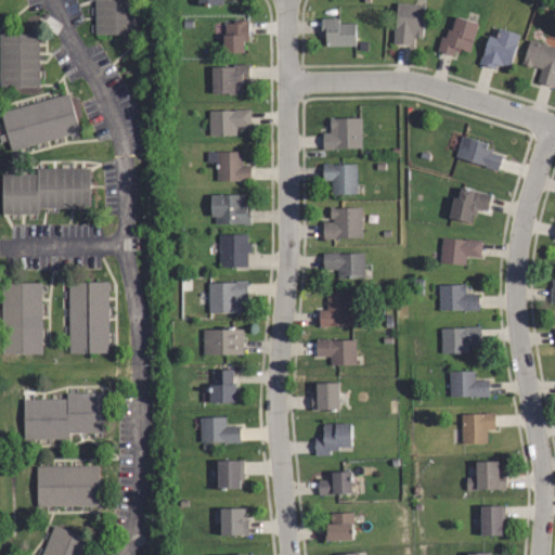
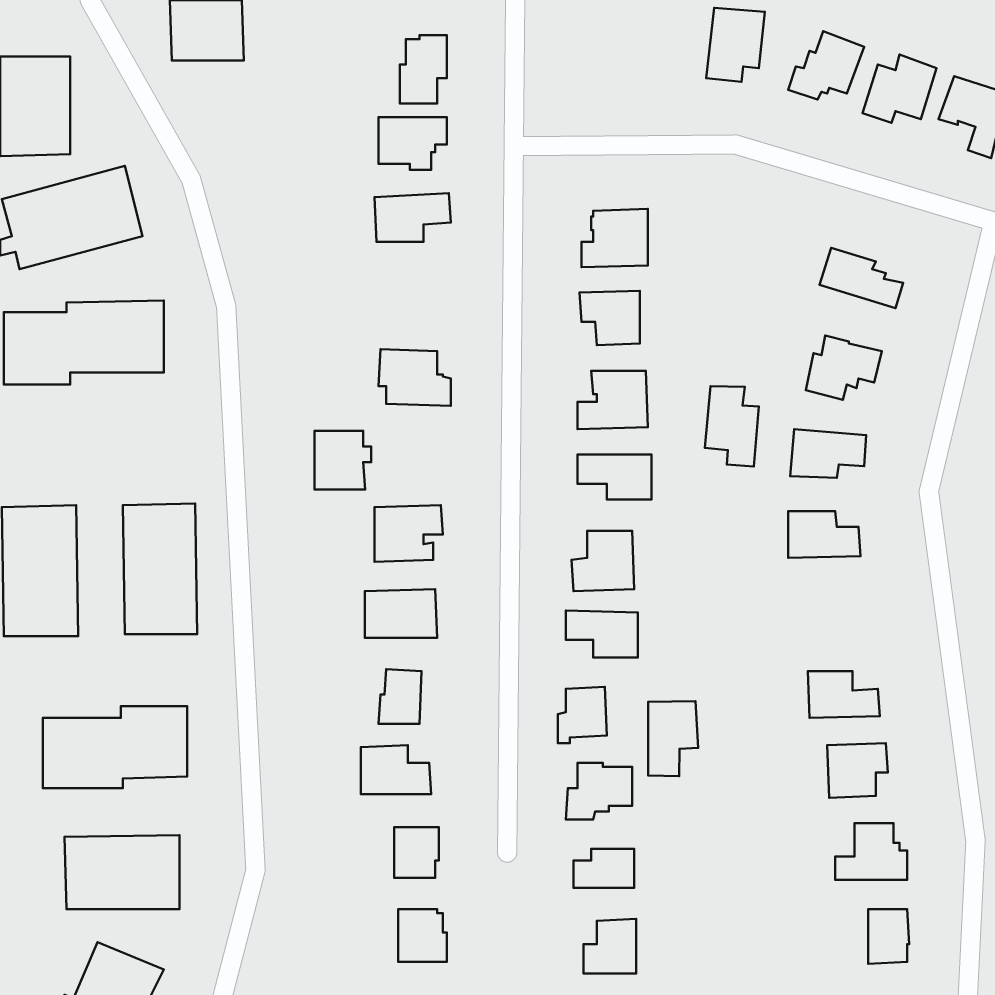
building: [322,18,357,47] -> none
building: [208,152,251,182] -> none
building: none -> [705,386,759,466]
building: [220,237,251,270] -> [315,431,371,489]
building: [441,328,481,354] -> none
building: none -> [648,701,698,776]

